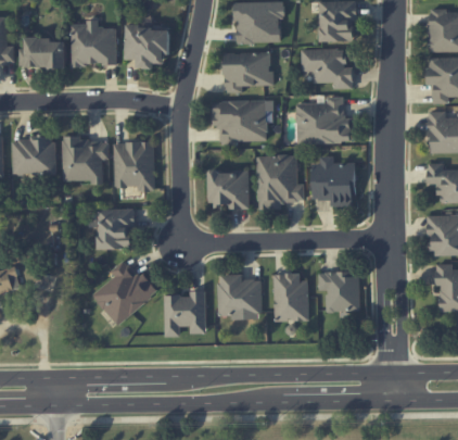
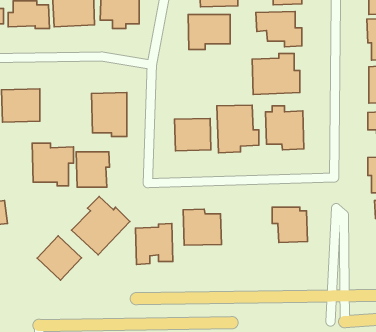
building: [213,100,273,147] -> none
building: [62,136,109,185] -> [32,143,73,186]
building: [273,274,308,320] -> none
building: none -> [37,236,81,280]

